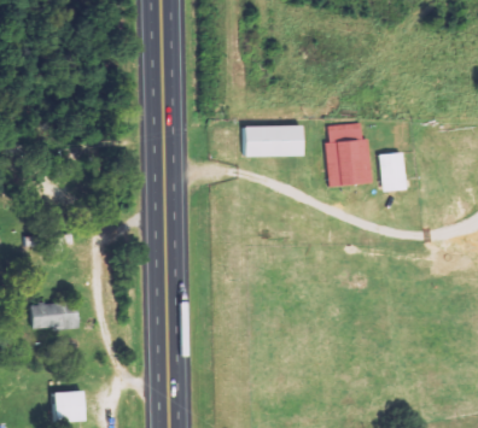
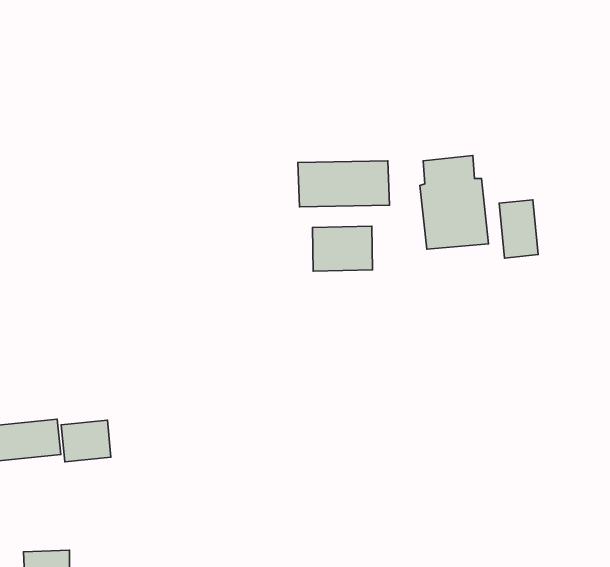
building: none -> [313,226,372,271]
building: none -> [61,420,111,462]

